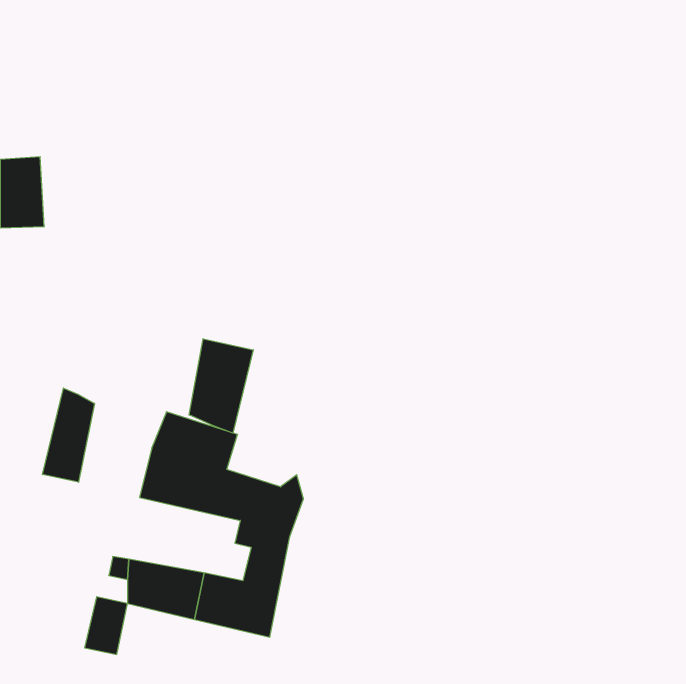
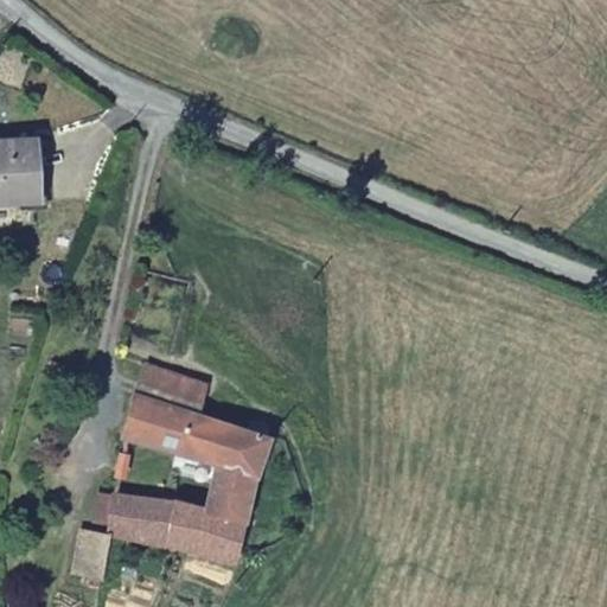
building: [189,339,253,433] -> none
building: [42,388,95,482] -> none

